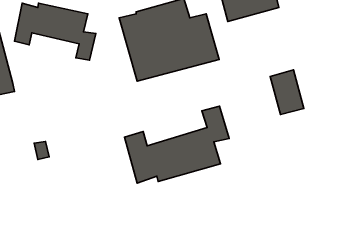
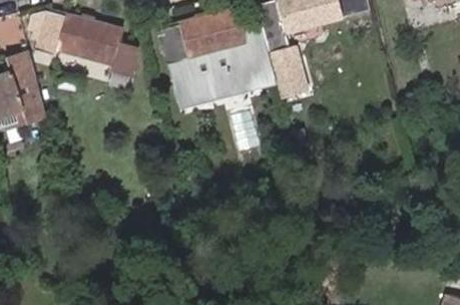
building: [270,70,304,115] -> [271,45,310,97]
building: [125,106,229,183] -> none

